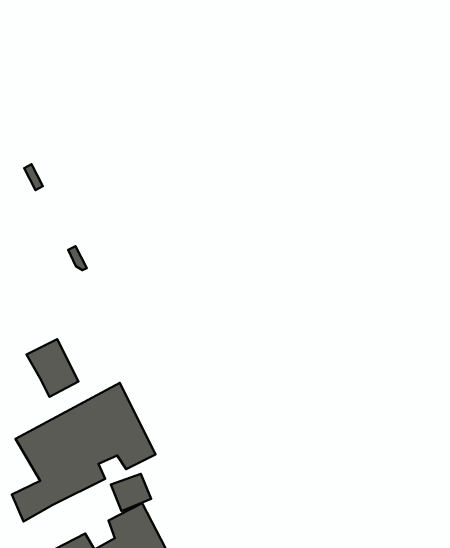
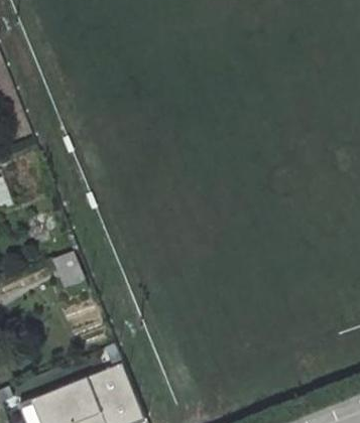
building: [12,383,156,521] -> none

